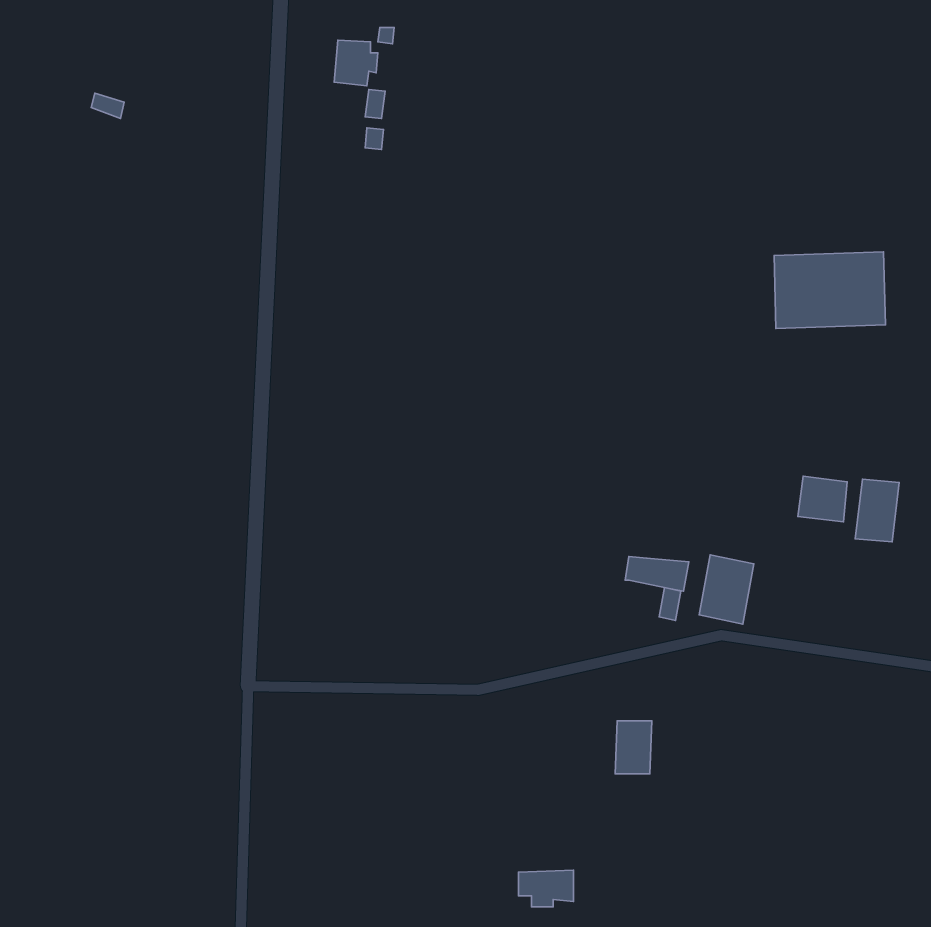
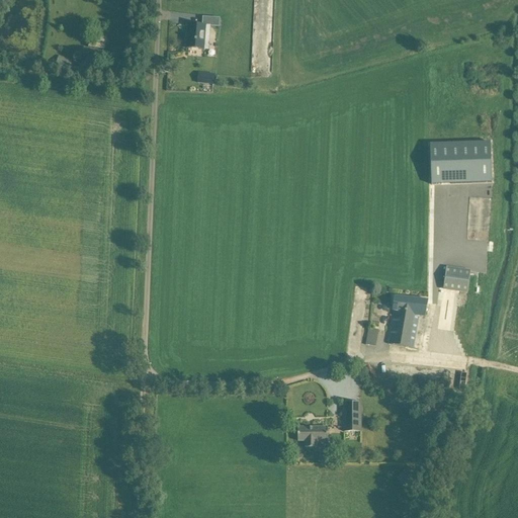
building: [855,479,899,542] -> none
building: [625,556,689,591] -> [392,294,427,314]
building: [519,870,573,907] -> [296,424,327,444]

